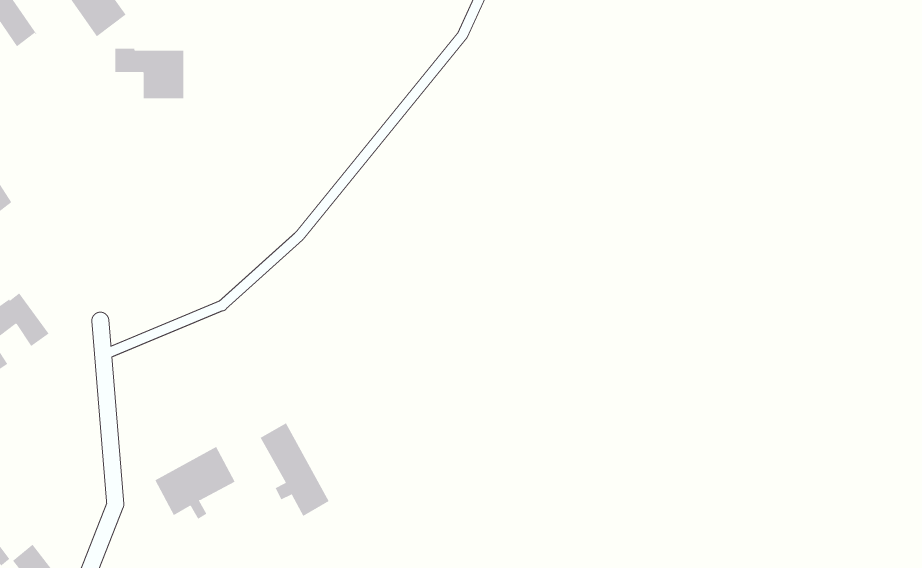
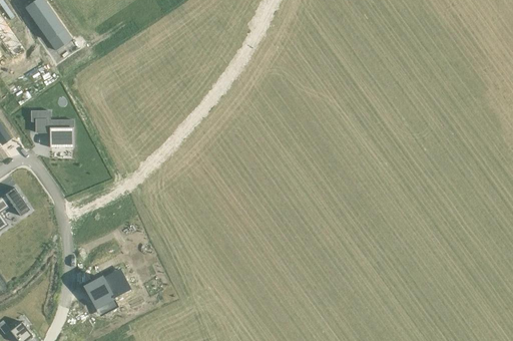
building: [115,48,184,99] -> [34,119,71,146]
building: [260,422,329,517] -> none

